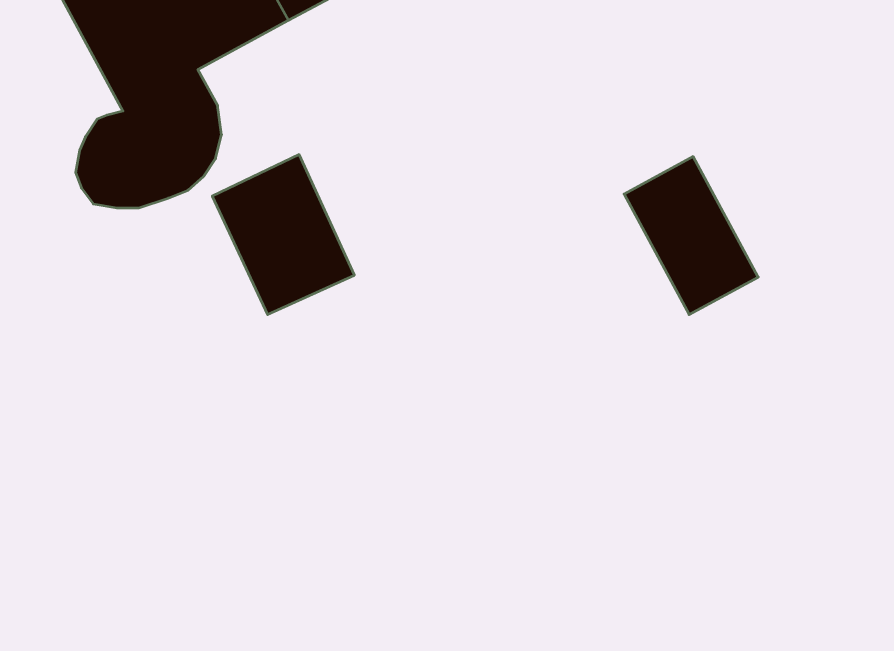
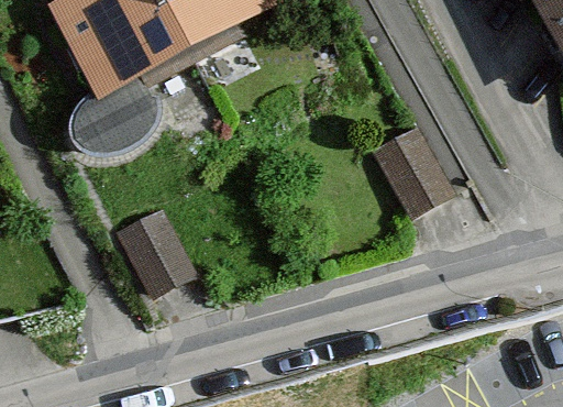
building: [212,155,354,315] -> [118,208,197,297]

